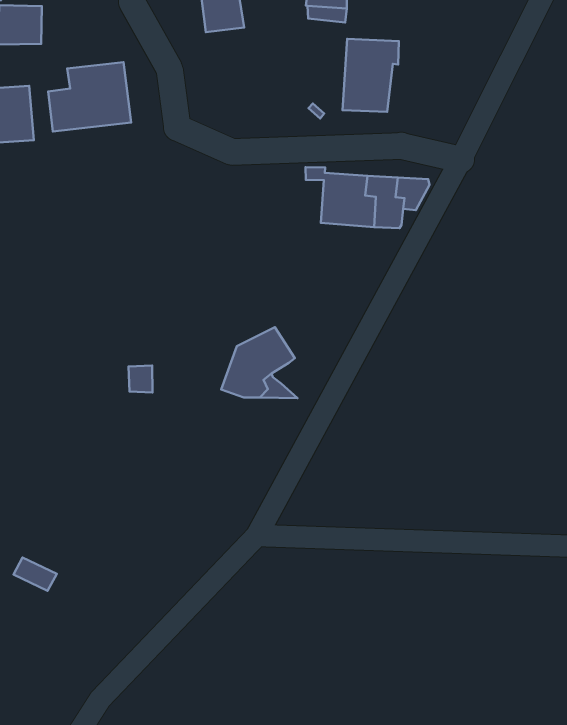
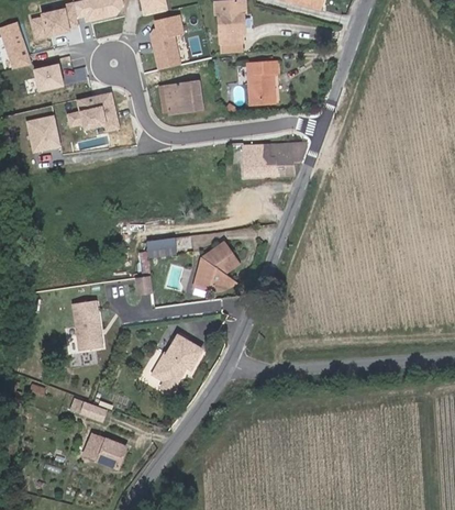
building: none -> [160,80,201,113]
building: none -> [145,237,175,257]
building: none -> [70,299,100,350]
building: none -> [153,335,203,388]
building: none -> [82,432,125,467]

